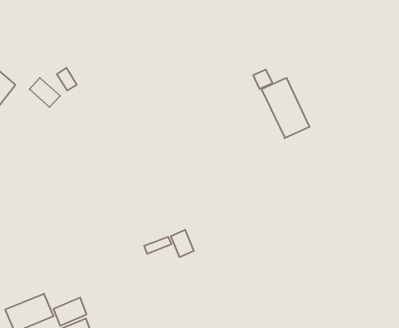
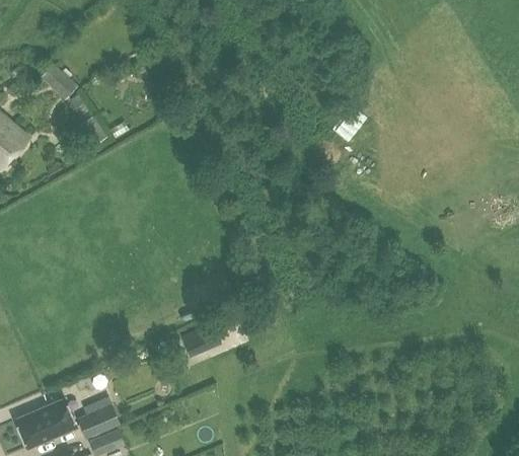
building: [262,78,310,138] -> none
building: [29,78,60,107] -> [39,63,77,99]
building: [171,230,194,257] -> none

